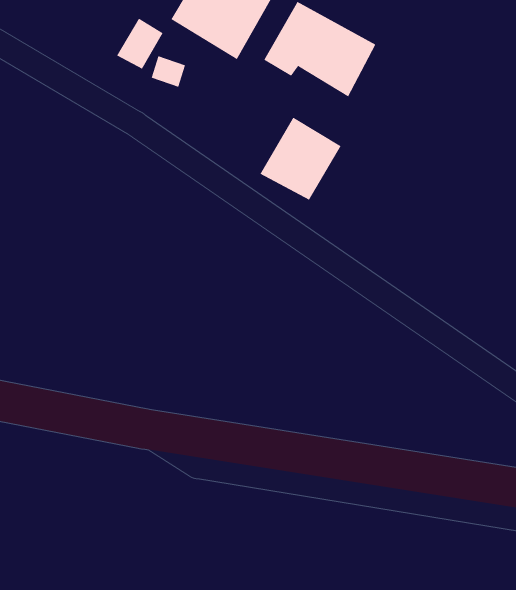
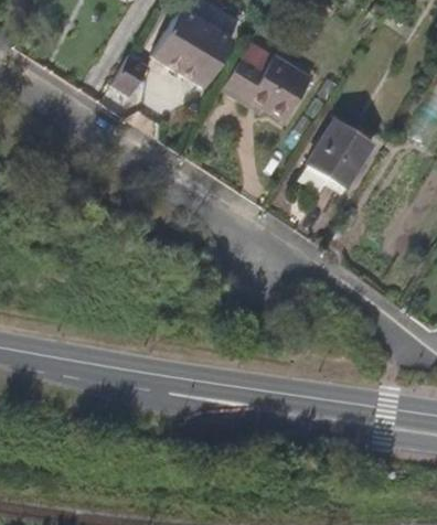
building: [259,117,342,200] -> [301,115,366,181]

